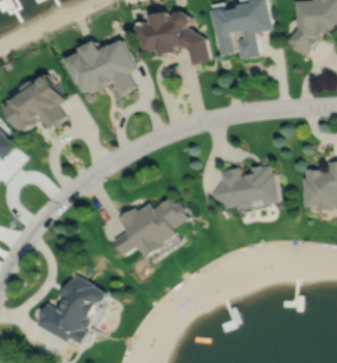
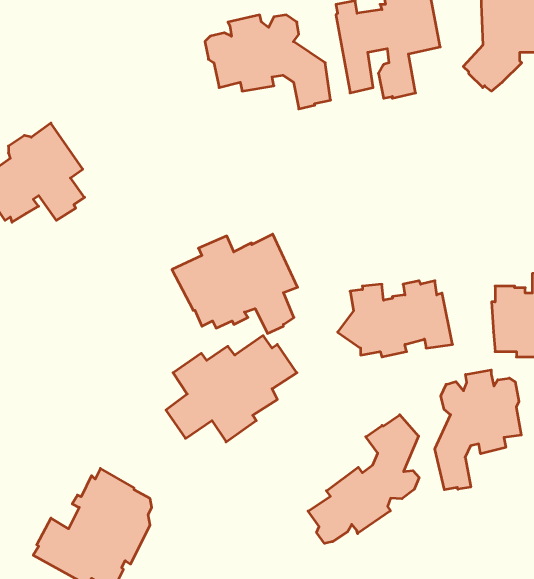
building: [62,38,135,96] -> [172,234,298,333]
building: none -> [435,370,521,490]
building: none -> [308,415,419,543]

